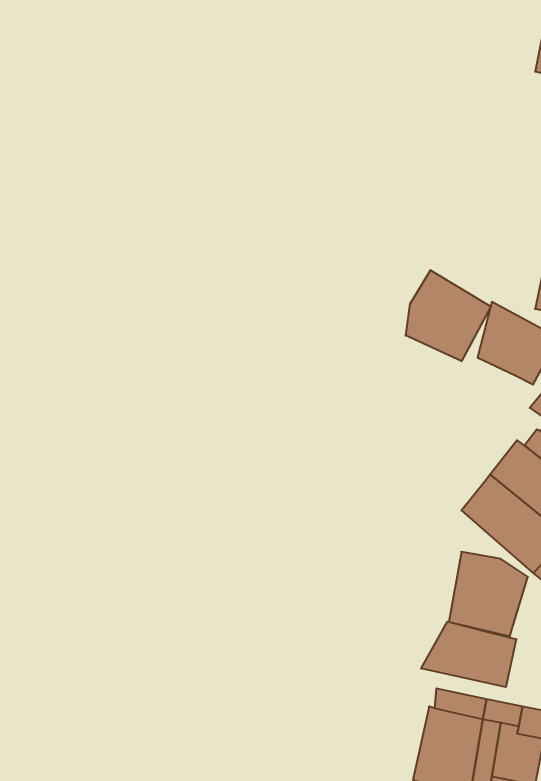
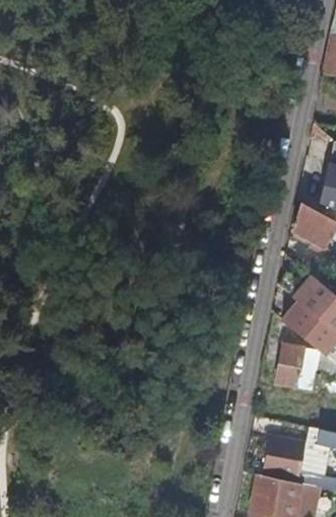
building: [406,270,491,361] -> none
building: [421,622,516,687] -> none

